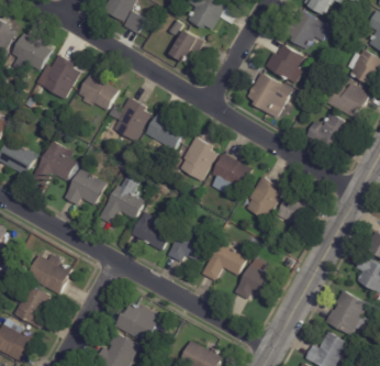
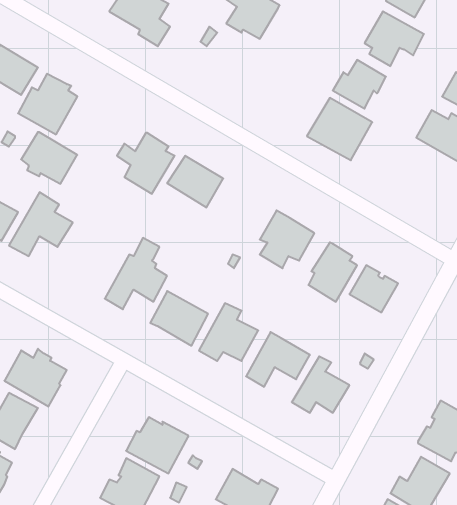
building: [170,29,203,62] -> none
building: [77,73,118,110] -> [21,132,77,184]
building: [306,112,348,152] -> none
building: [179,136,216,180] -> none
building: [64,168,107,204] -> none

